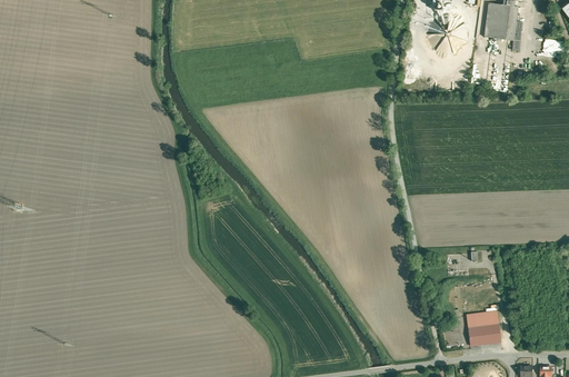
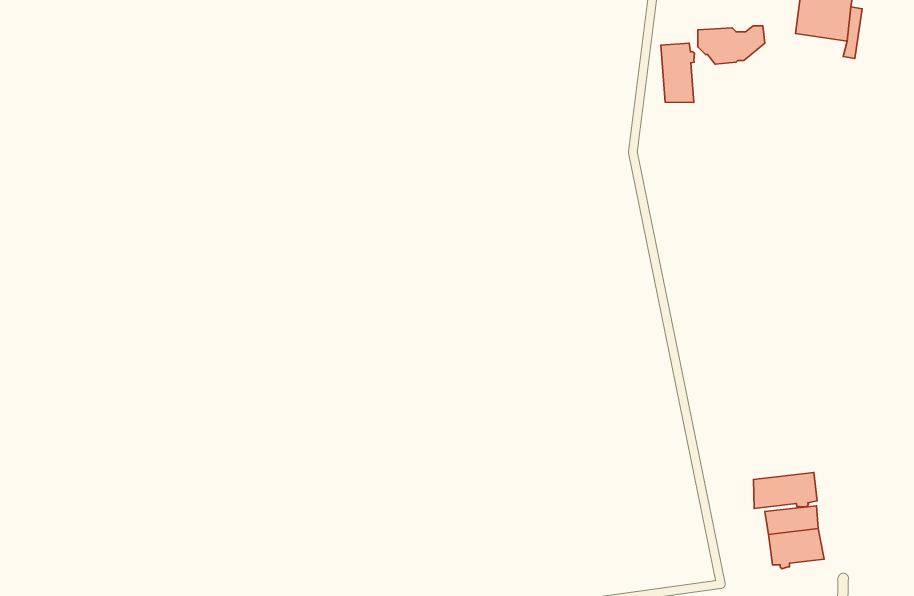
building: none -> [661,43,694,102]
building: none -> [753,472,817,509]

